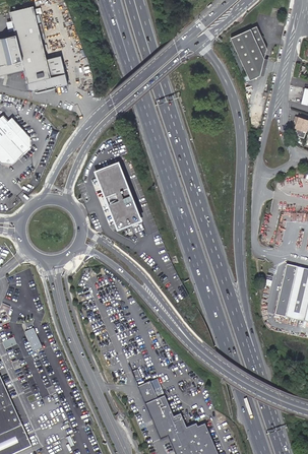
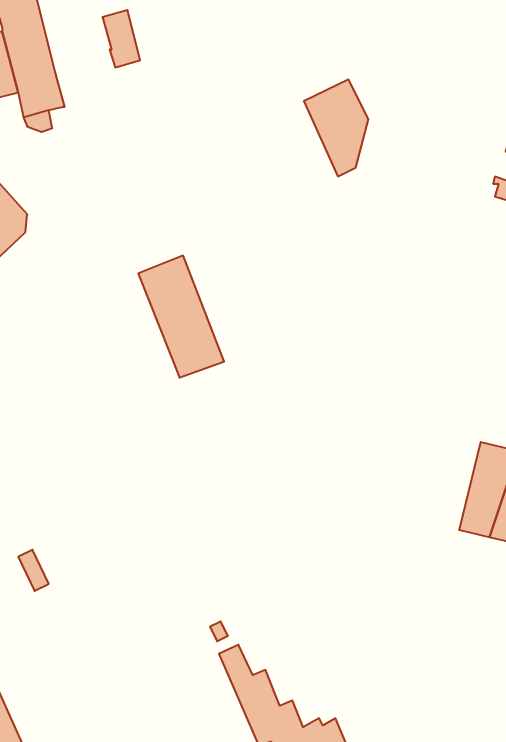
building: [230,25,266,80] -> [304,80,368,176]
building: [46,54,67,86] -> [102,10,140,67]

